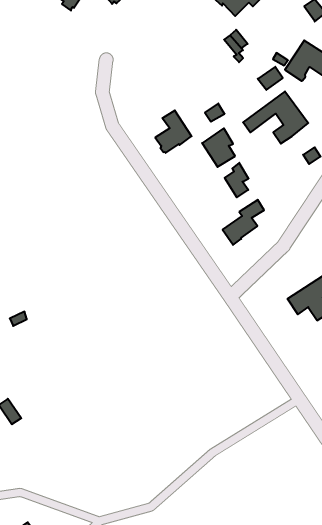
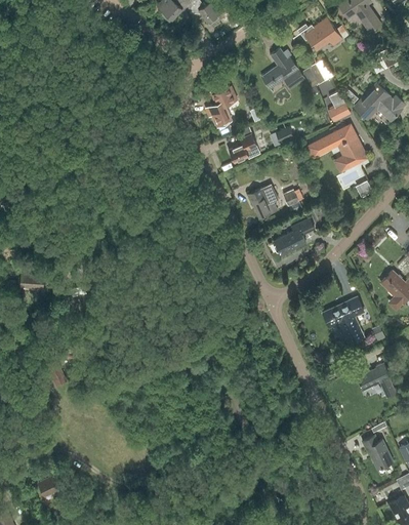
building: none -> [261,48,304,89]
building: none -> [208,88,237,135]
building: [202,128,235,167] -> [249,185,277,218]

